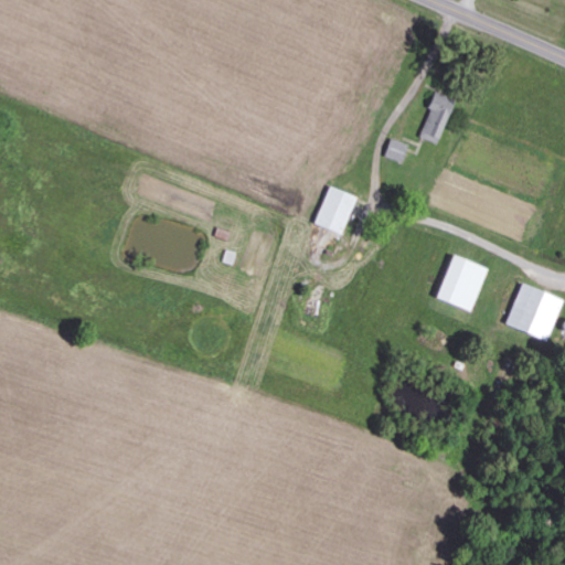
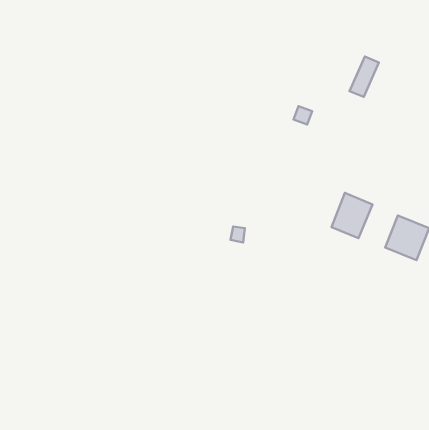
building: [418,92,457,145] -> [350,57,379,97]
building: [312,184,359,236] -> none

